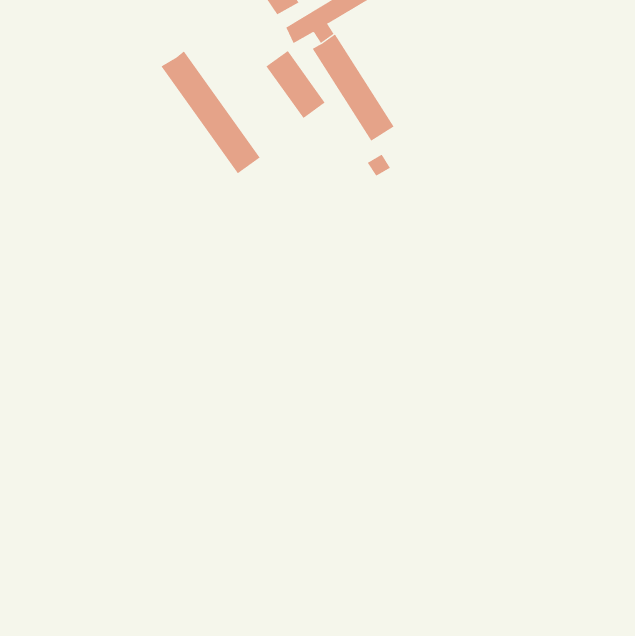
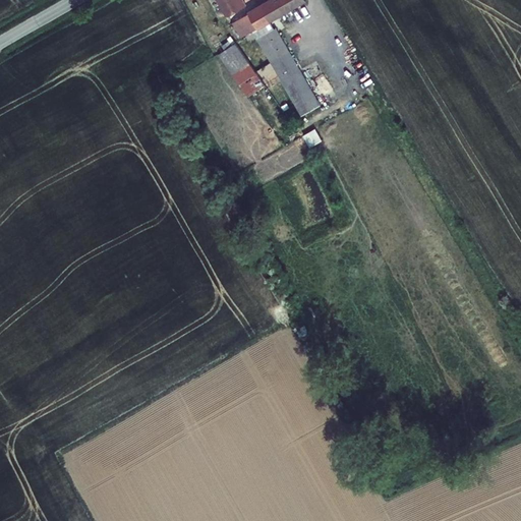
building: [161,51,261,174] -> none

